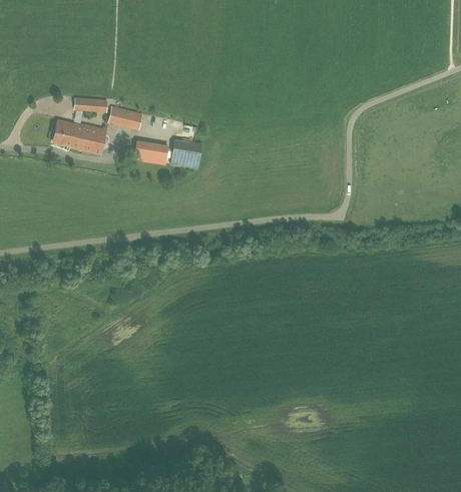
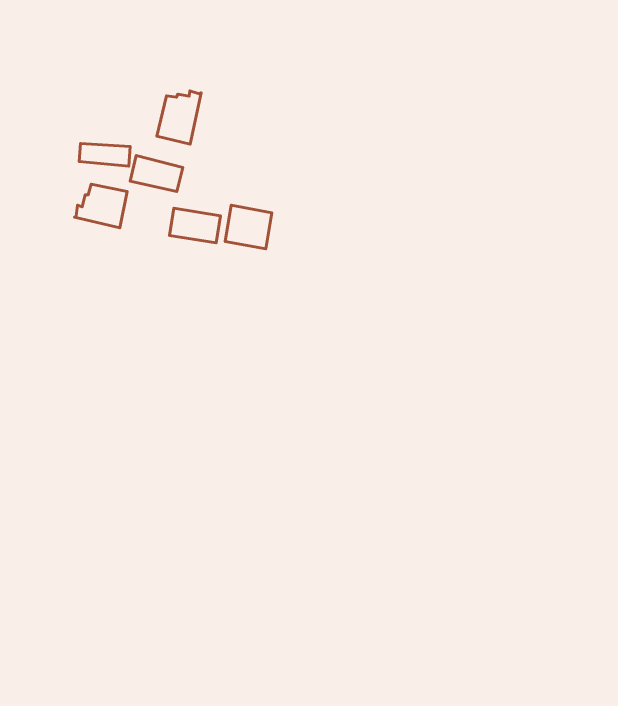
building: none -> [157,91,201,144]
building: [52,120,81,145] -> none

